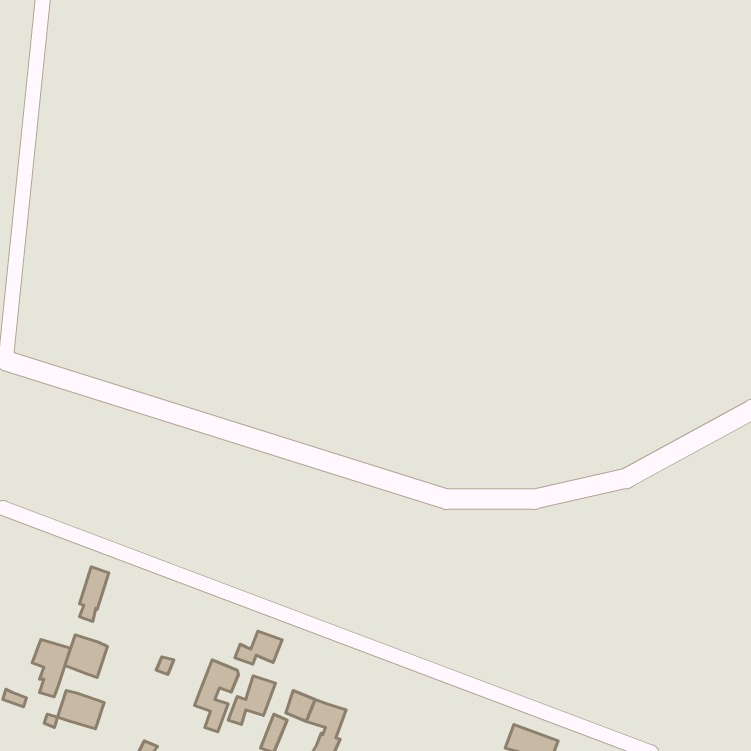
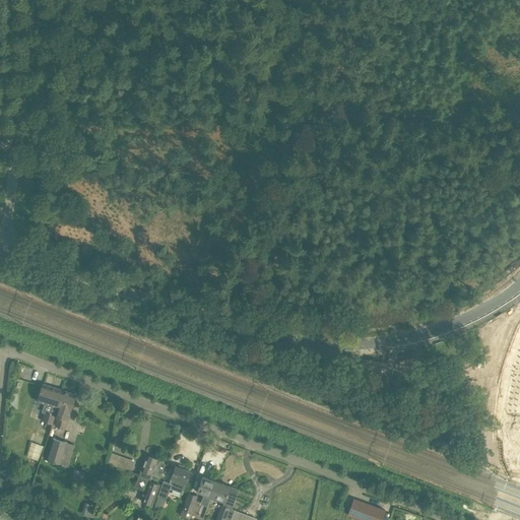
building: [235,631,282,664] -> none
building: [32,639,70,697] -> [38,386,64,426]
building: [57,691,104,729] -> none

